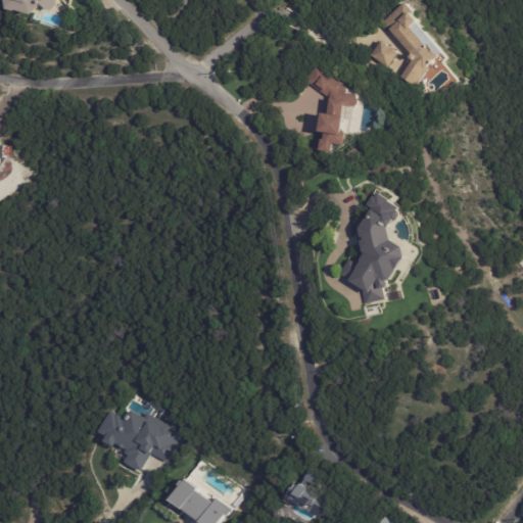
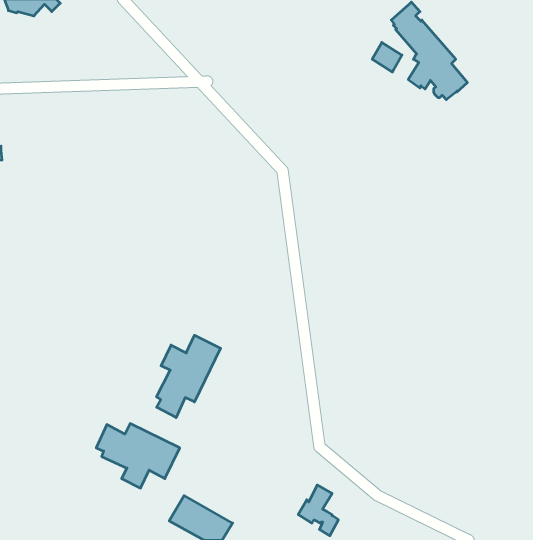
building: [300,62,354,151] -> none
building: [344,194,413,305] -> none
building: none -> [157,335,221,418]

